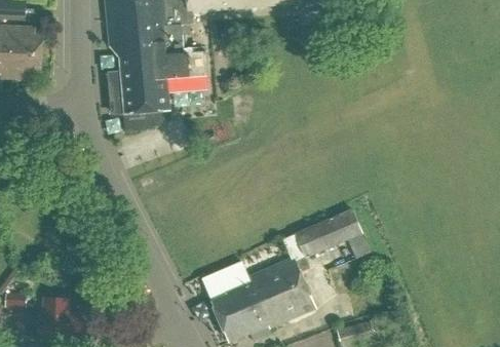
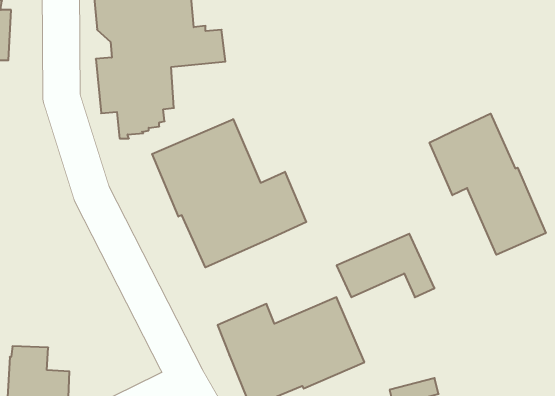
building: none -> [430,114,546,255]
building: none -> [152,119,306,267]

